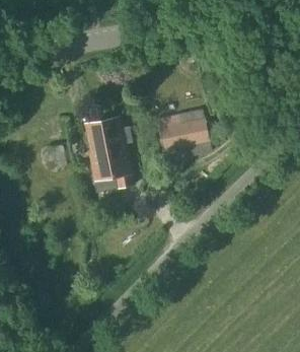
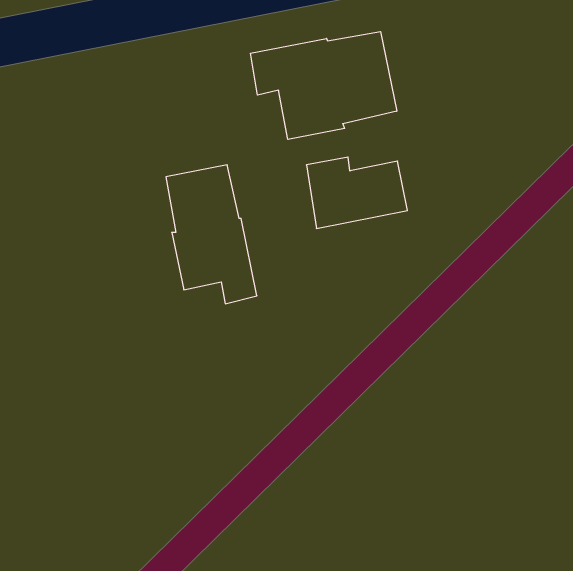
building: none -> [251,32,397,139]

